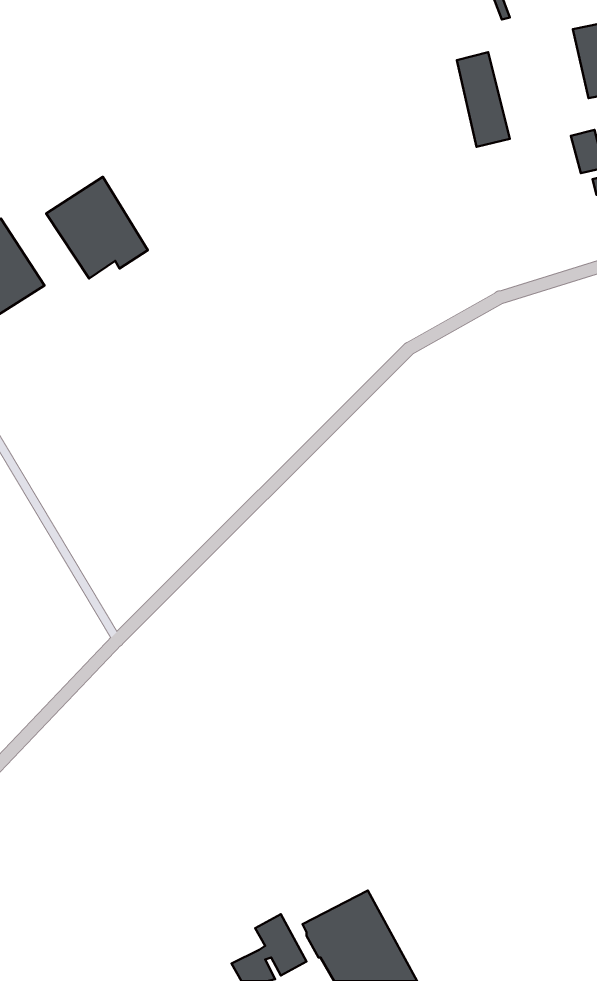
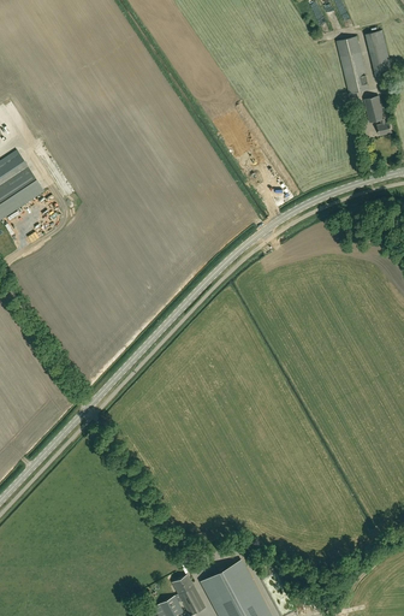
building: [457,52,510,147] -> [338,36,370,94]
building: [46,177,148,278] -> none

